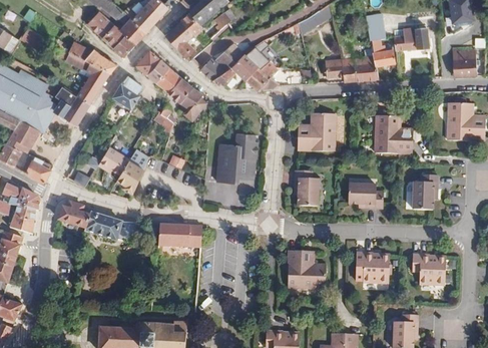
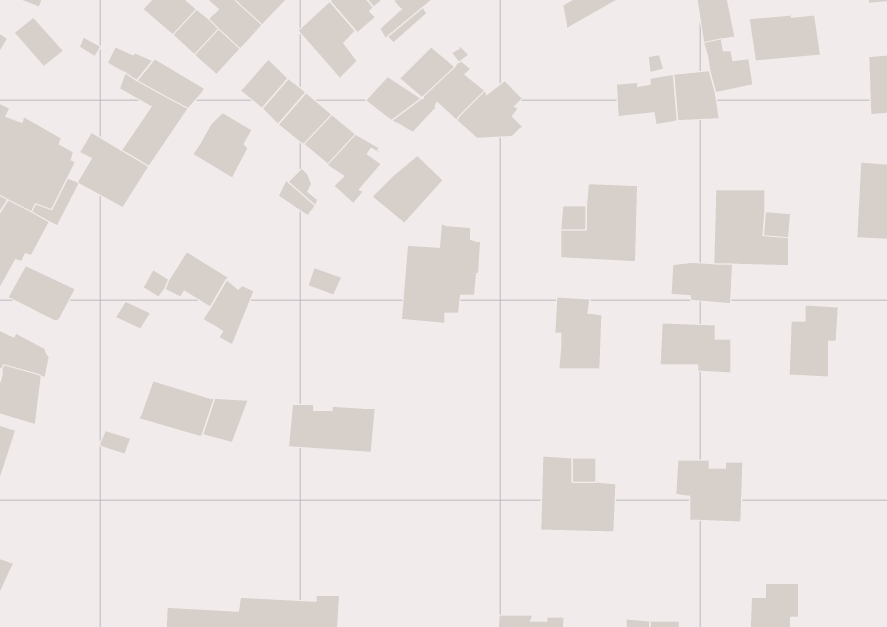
building: none -> [372,155,443,223]
building: none -> [671,262,732,304]
building: [58,201,92,229] -> none
building: [412,253,446,285] -> none

